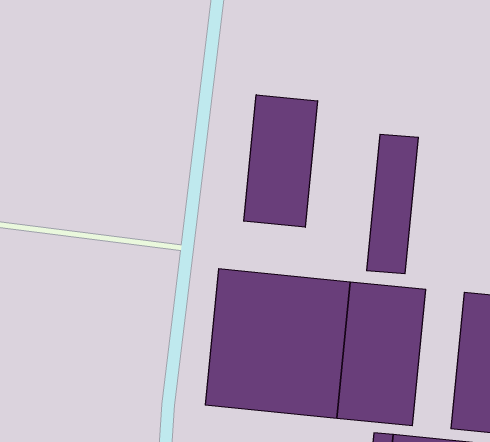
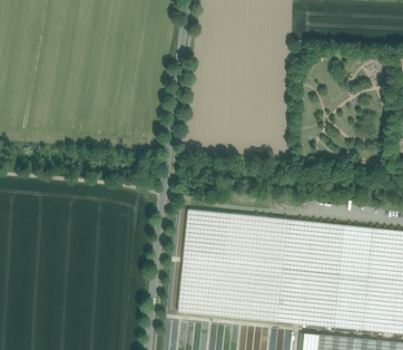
building: [244,95,318,227] -> none
building: [367,134,418,274] -> [333,224,372,329]

